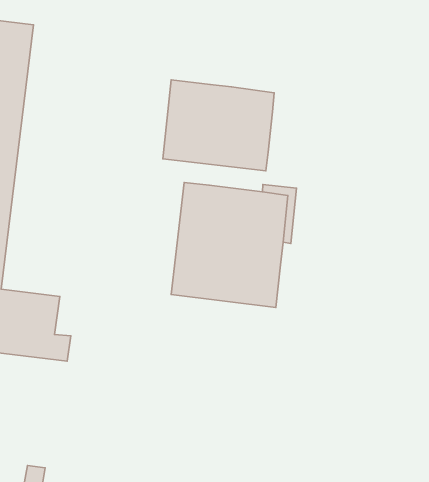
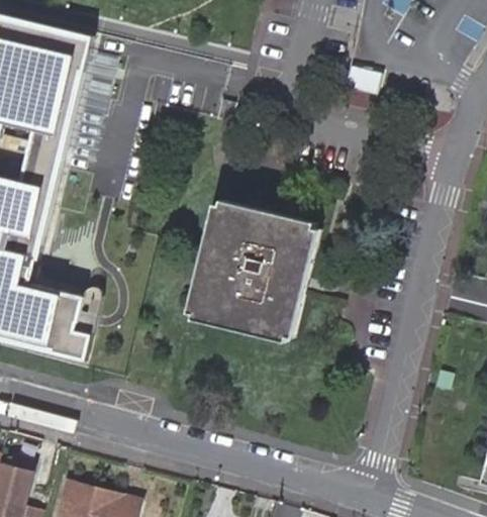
building: [163,80,274,171] -> none
building: none -> [184,195,304,340]

